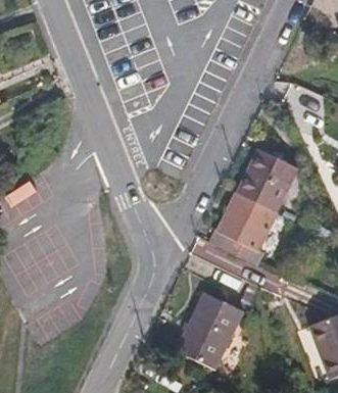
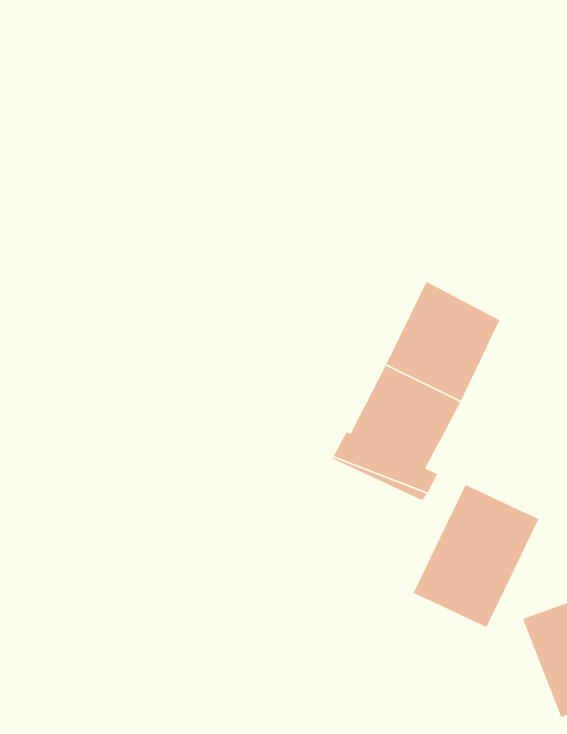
building: [176,292,242,367] -> [413,484,539,628]

